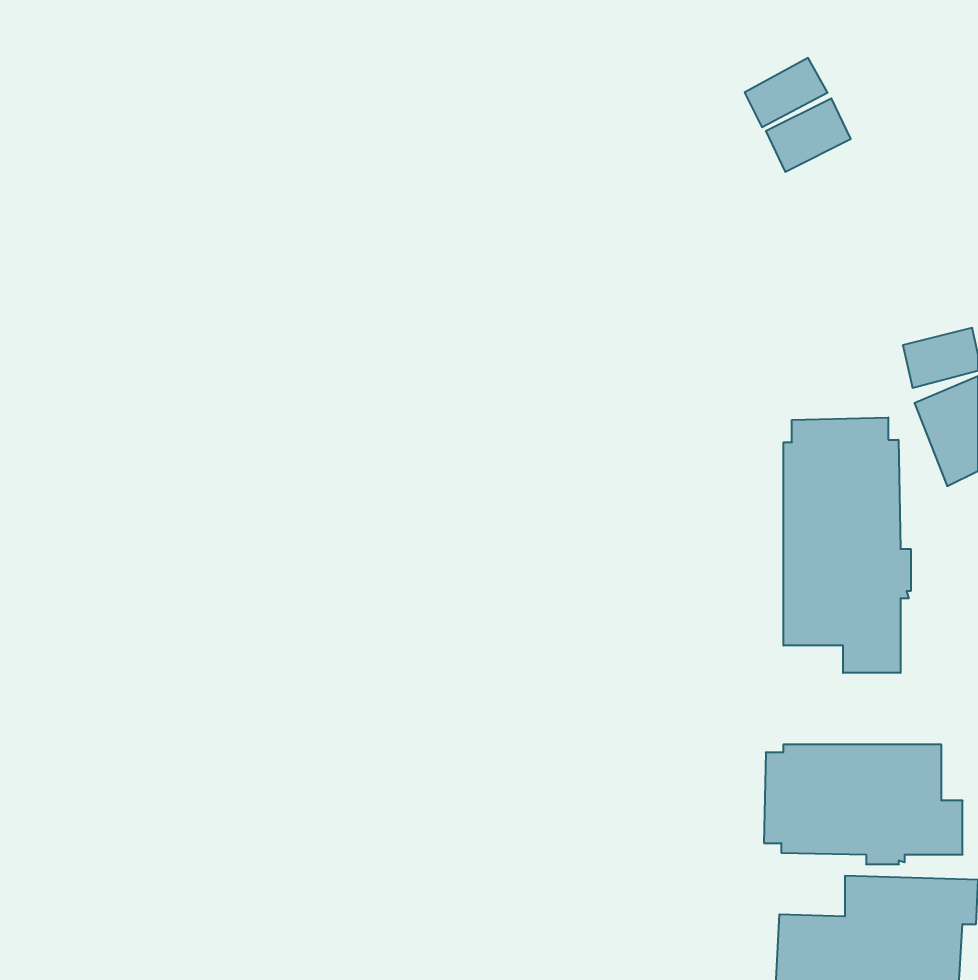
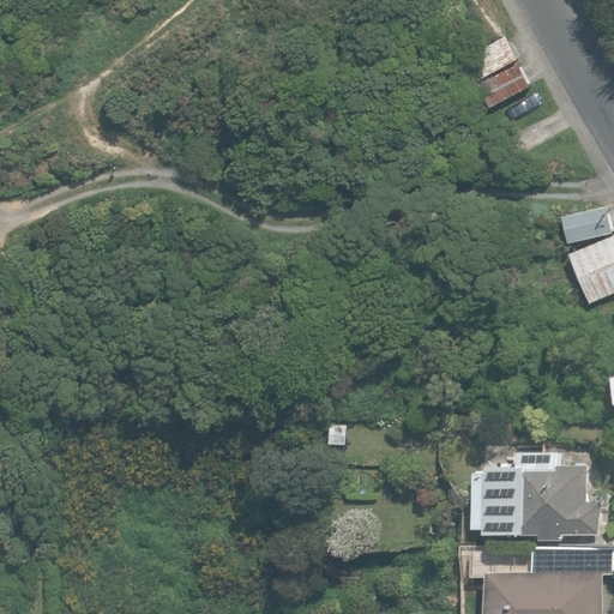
building: [784,417,911,673] -> none

